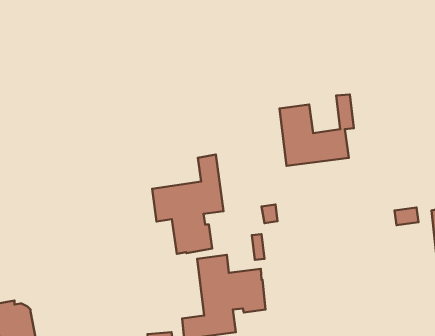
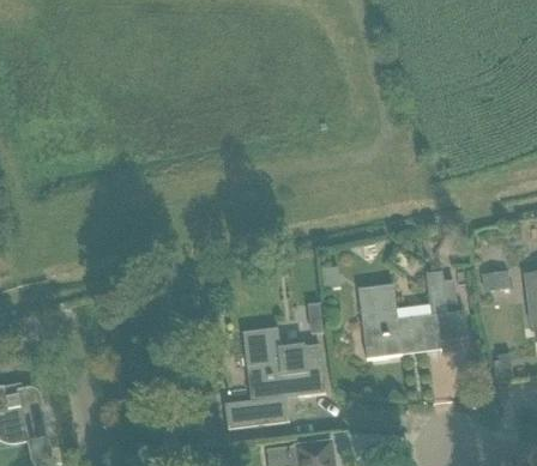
building: [280,95,354,166] -> [357,272,447,358]
building: [152,154,223,254] -> none

